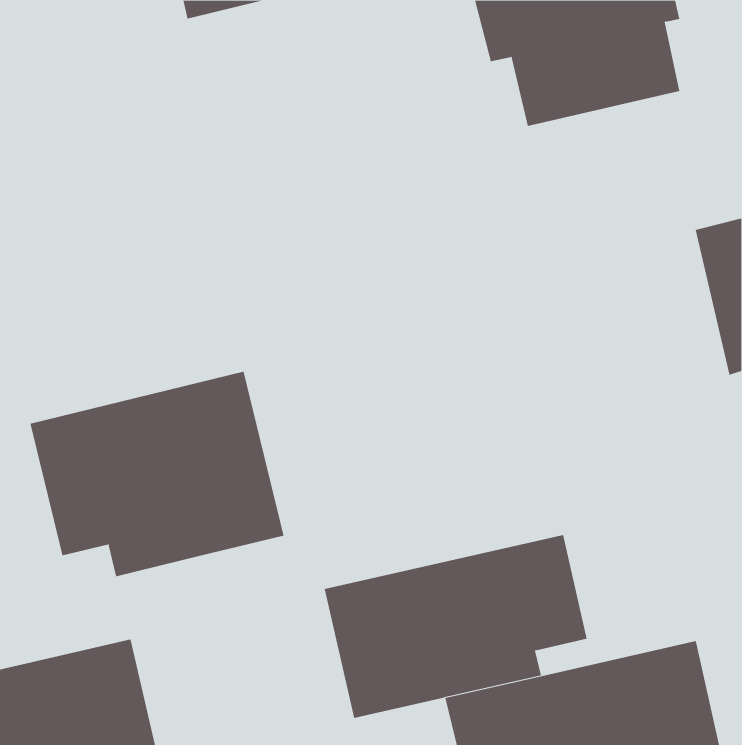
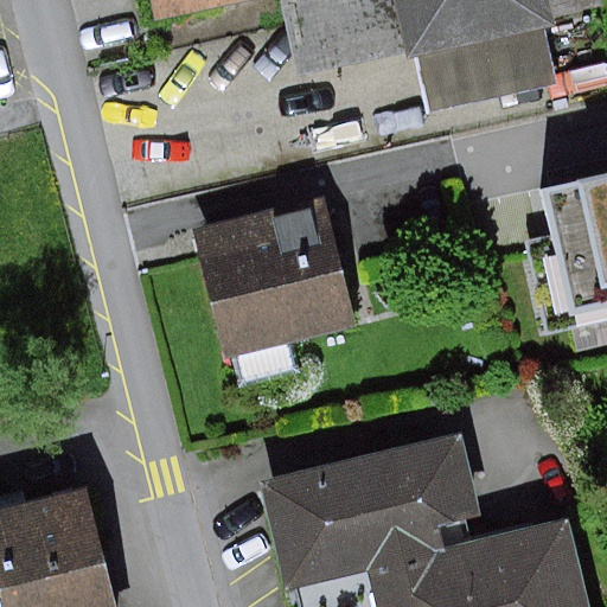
building: none -> [215,194,375,346]
building: [30,371,284,577] -> none

